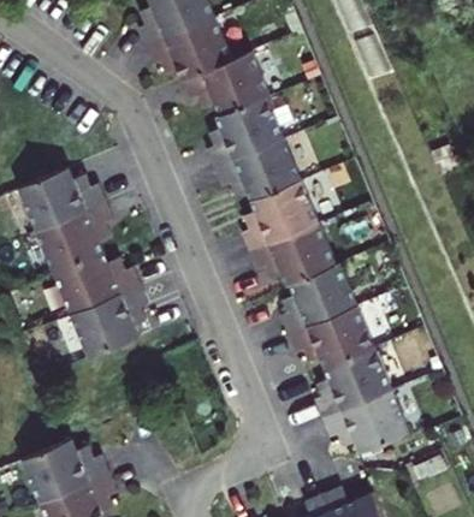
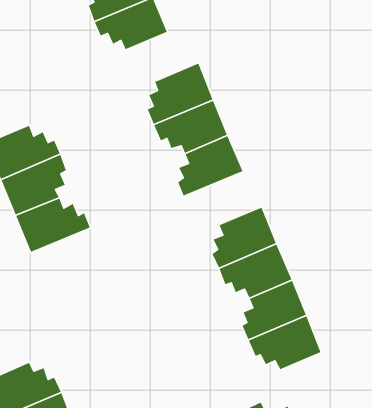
building: [180,53,267,117] -> none
building: [248,222,334,286] -> none
building: [71,287,149,358] -> none

